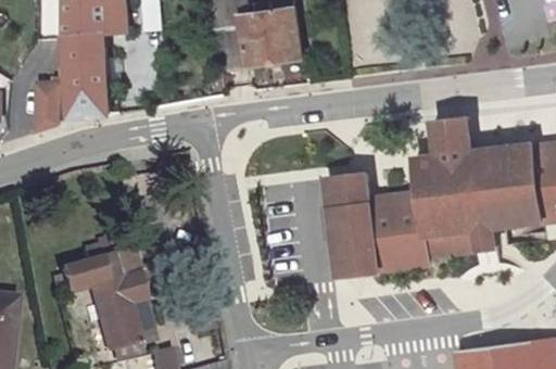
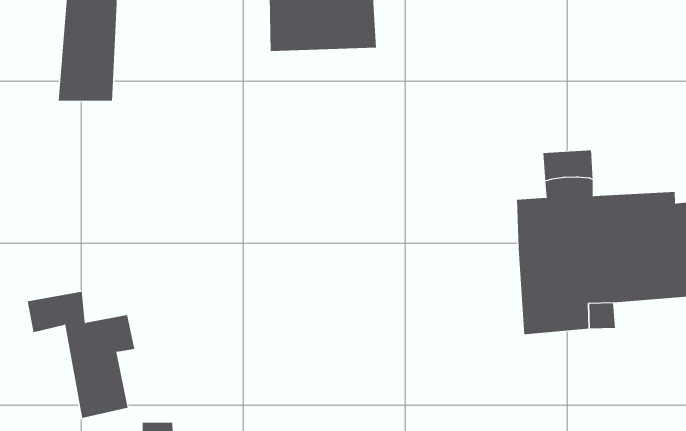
building: [37,78,65,126] -> none
building: [332,171,429,276] -> none

